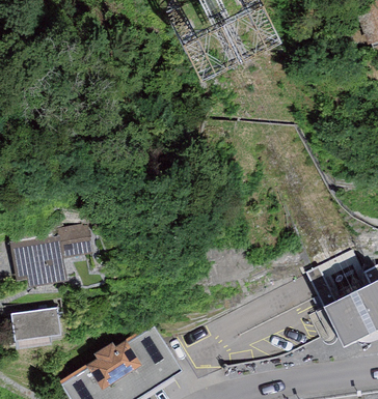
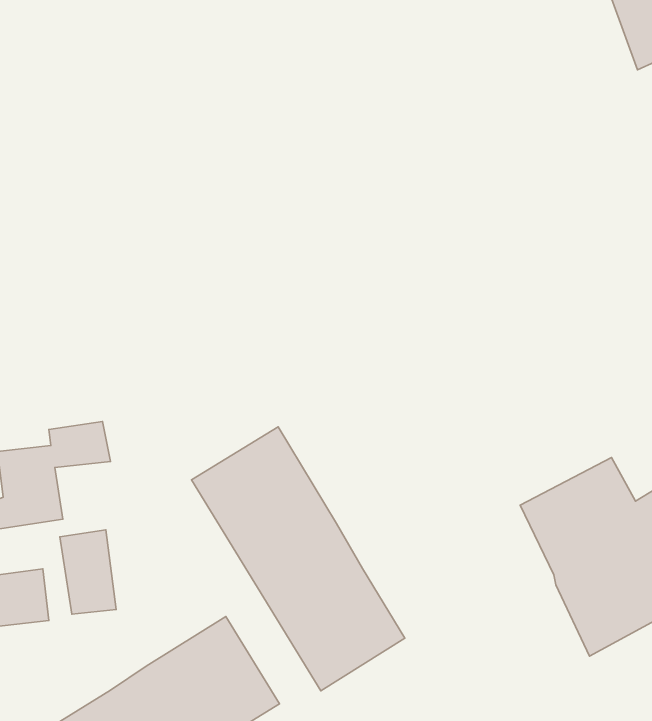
building: none -> [191,427,405,691]
building: none -> [60,530,116,614]

